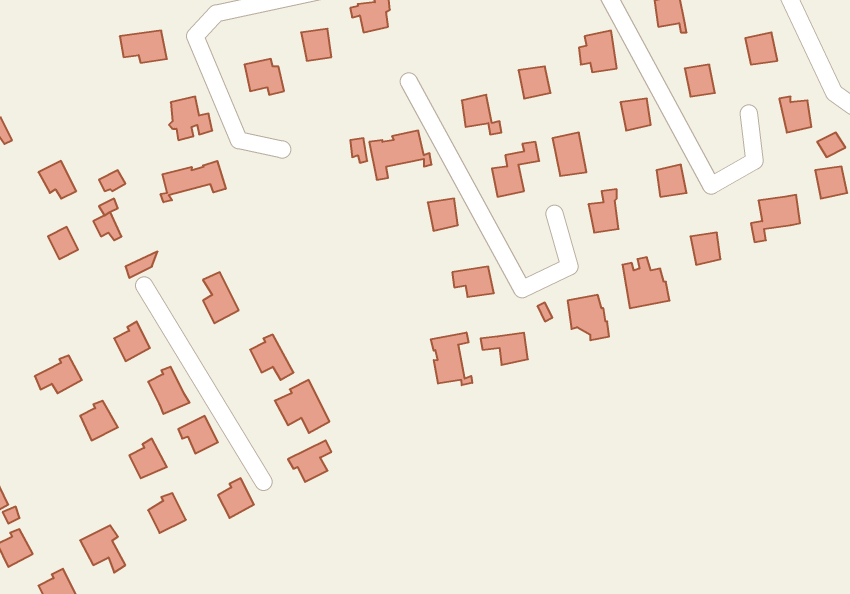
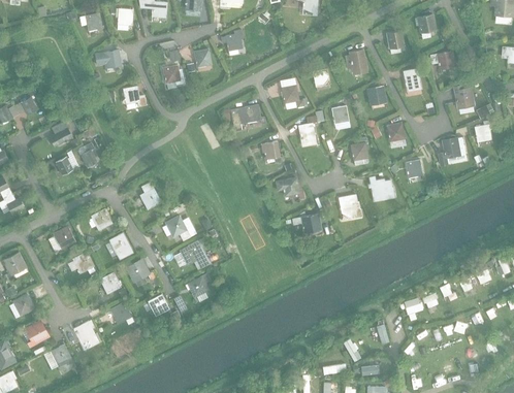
building: [161,161,226,202] -> none
building: [431,332,472,385] -> none

